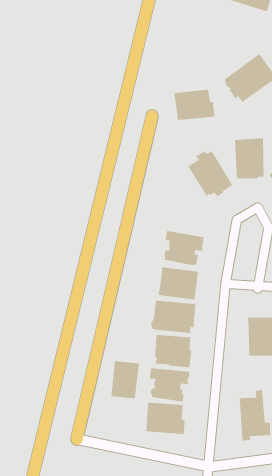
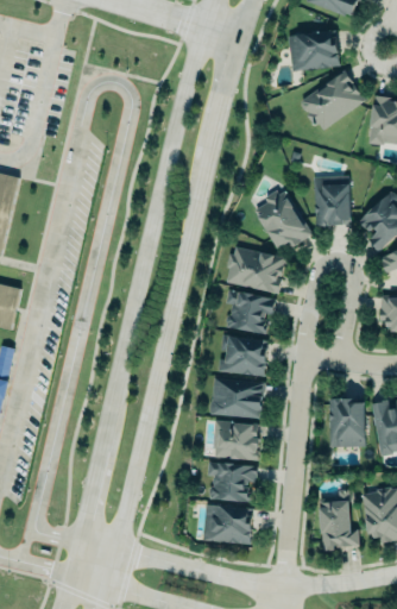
building: [174,89,215,121] -> [288,31,340,70]
building: none -> [225,246,286,294]
building: [111,360,140,399] -> none

